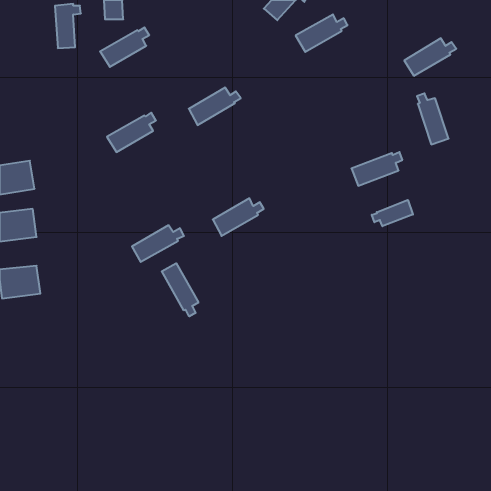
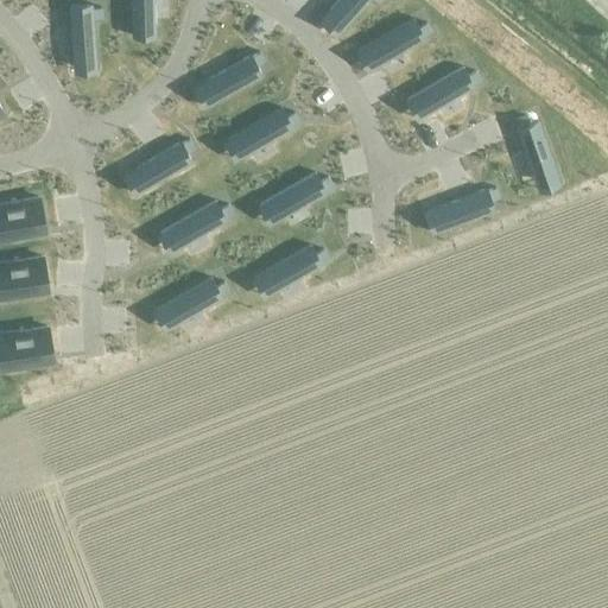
building: [100,27,149,67] -> [202,53,262,102]
building: [404,38,456,76] -> [414,68,479,114]
building: none -> [266,175,330,220]
building: none -> [166,202,230,248]
building: [372,200,413,226] -> none
building: [162,263,198,316] -> none

